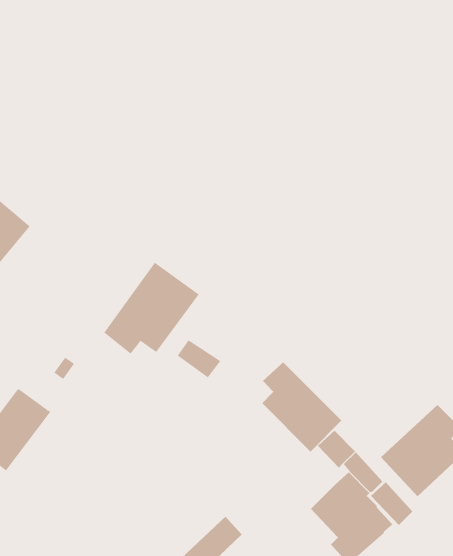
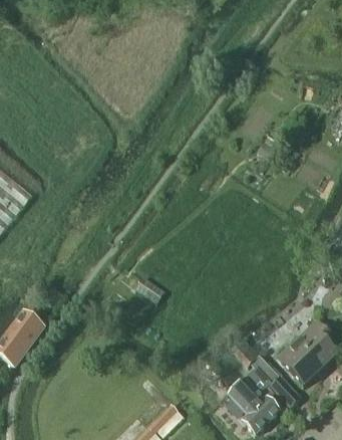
building: [103,262,199,354] -> none
building: [262,362,342,453] -> none

